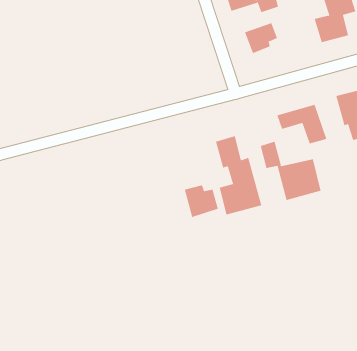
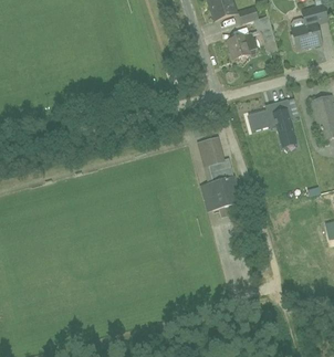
building: [260,141,321,201] -> none
building: [184,185,219,218] -> none

